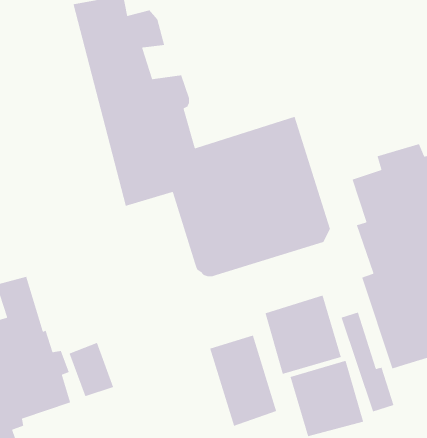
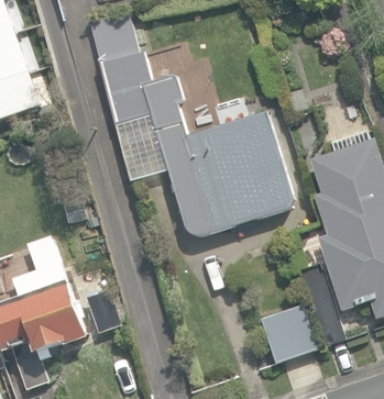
building: [264,294,342,375] -> none
building: [209,334,277,427] -> none

